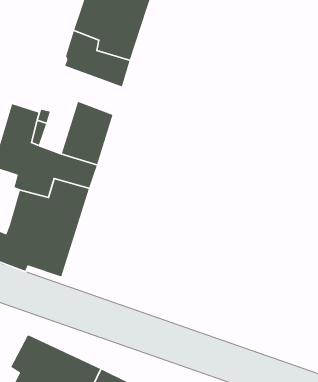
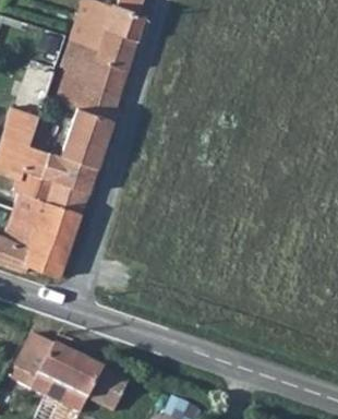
building: none -> [56,73,120,120]

